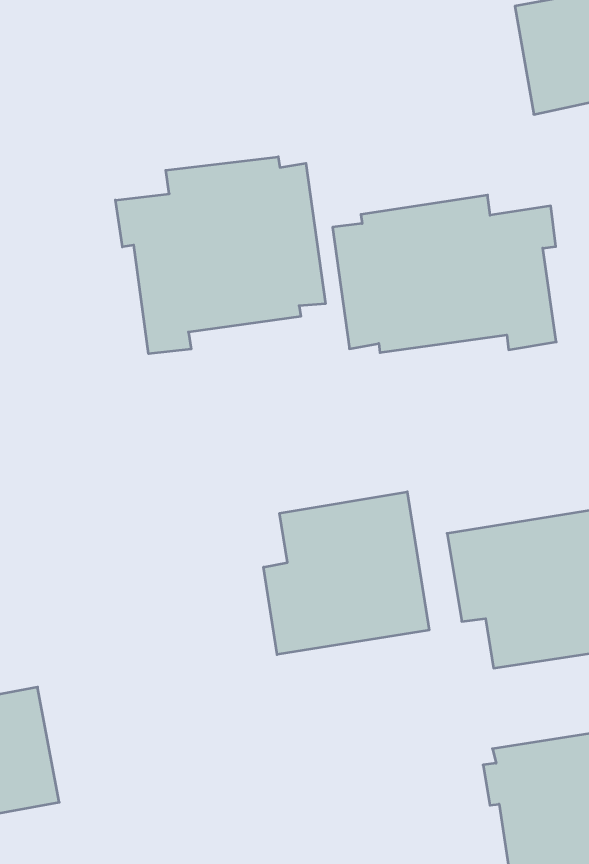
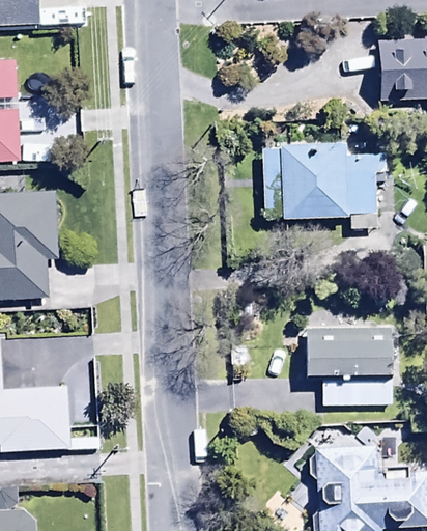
building: [115,157,325,354] -> none
building: [264,492,429,655] -> none

